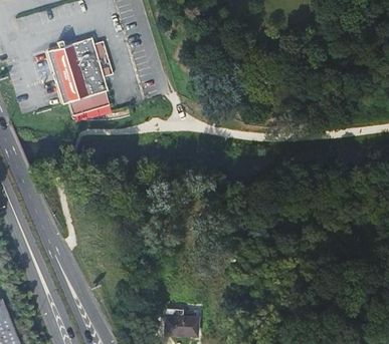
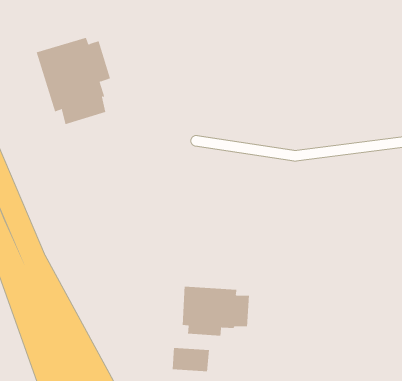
building: none -> [182,286,249,336]

